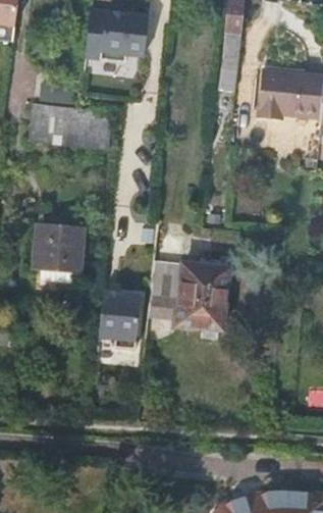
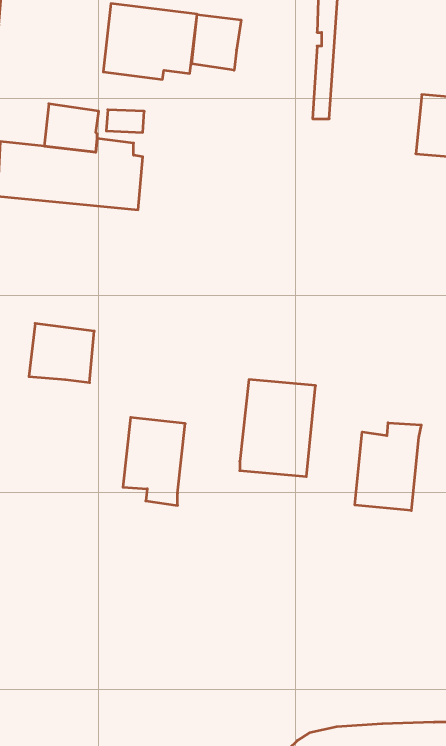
building: none -> [192,15,241,70]
building: [256,68,300,115] -> none
building: [150,260,183,318] -> none
building: none -> [355,423,421,511]

